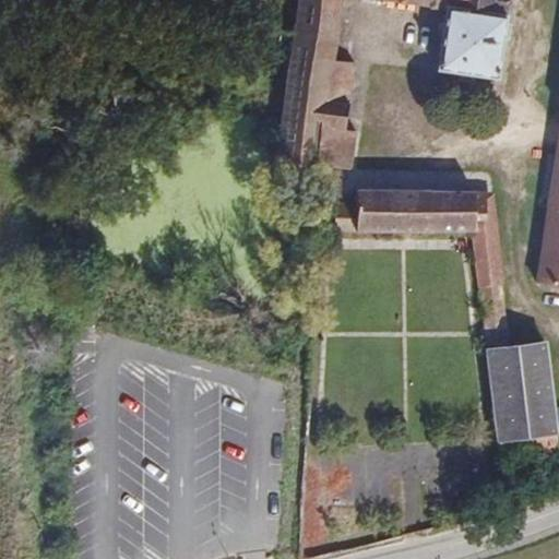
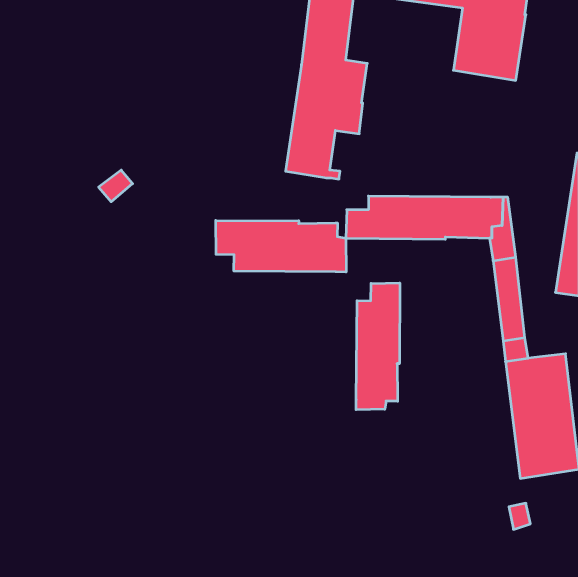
building: [319,126,357,168] -> none
building: none -> [216,220,346,272]
building: none -> [356,283,400,410]

